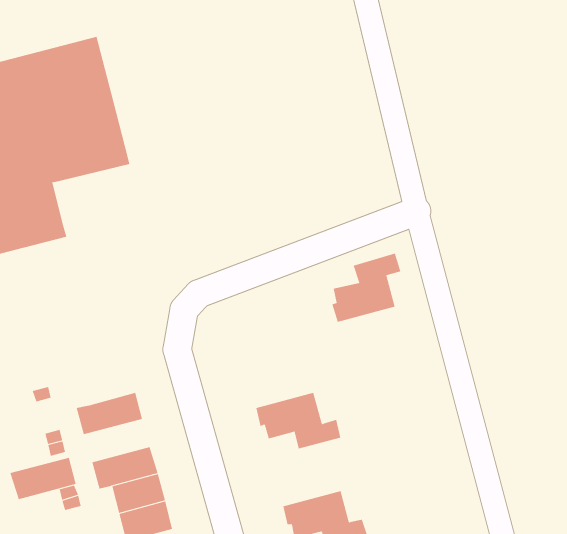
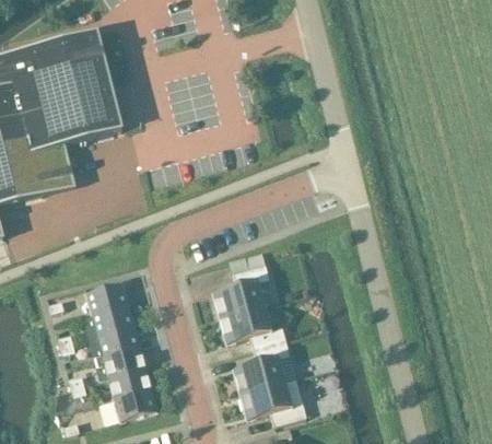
building: [331,253,401,323] -> [215,262,269,316]
building: none -> [86,282,128,314]
building: none -> [236,339,290,392]
building: [10,457,77,500] -> [87,325,139,358]

